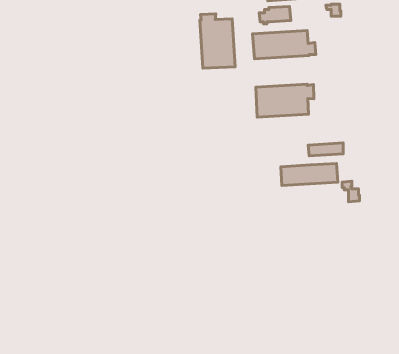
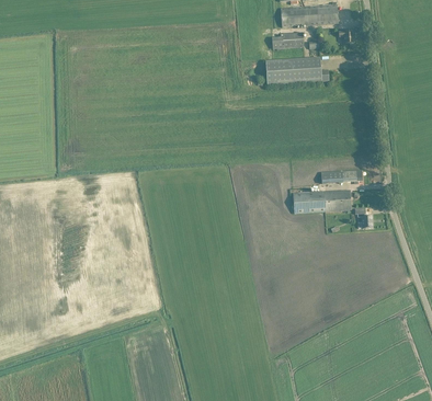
building: [200,14,235,68] -> none
building: [256,84,314,117] -> none

